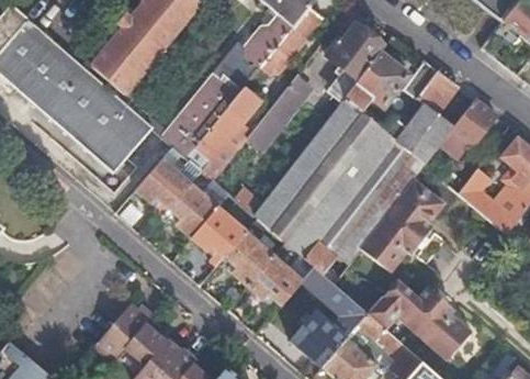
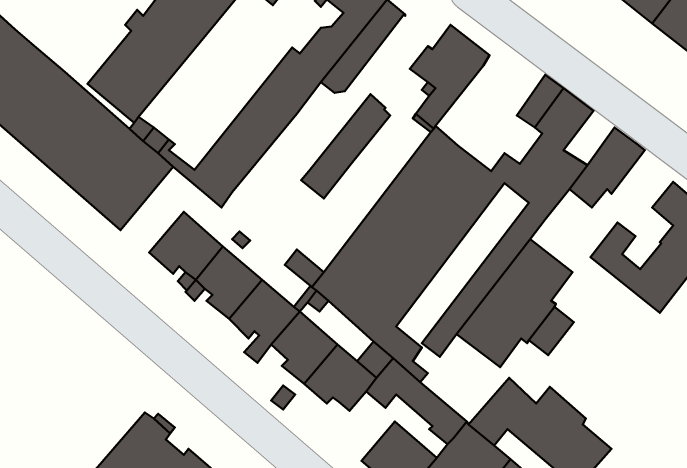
building: [343,53,406,111] -> none
building: [188,88,255,178] -> none
building: [315,138,411,277] -> none

